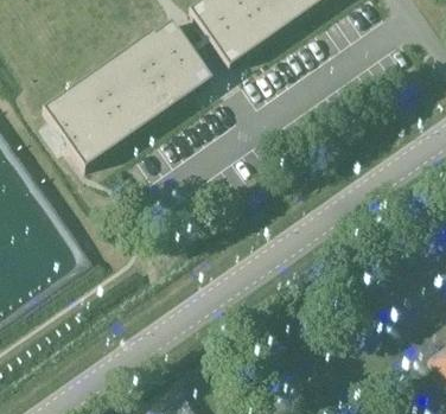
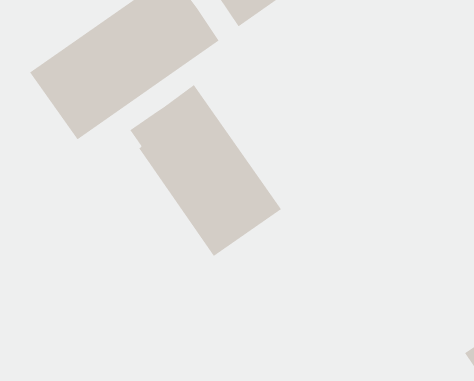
building: none -> [129,84,282,257]

